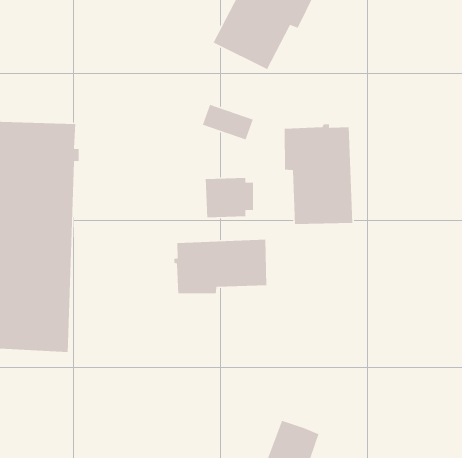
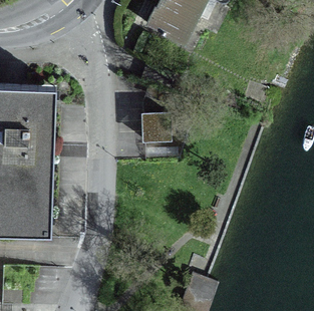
building: [284,123,353,225] -> none
building: [173,239,267,294] -> none

